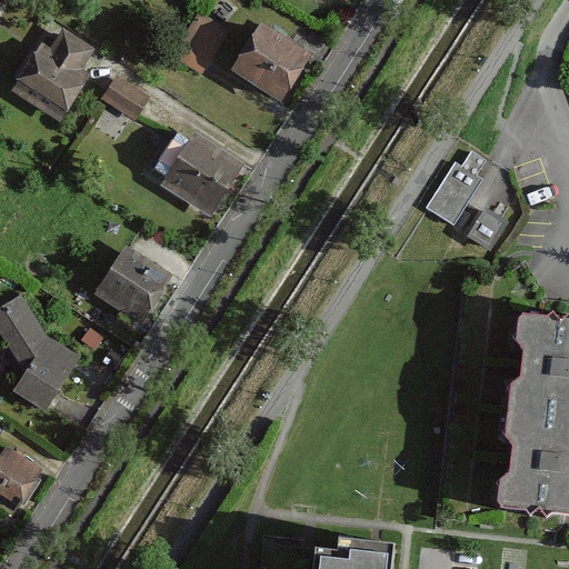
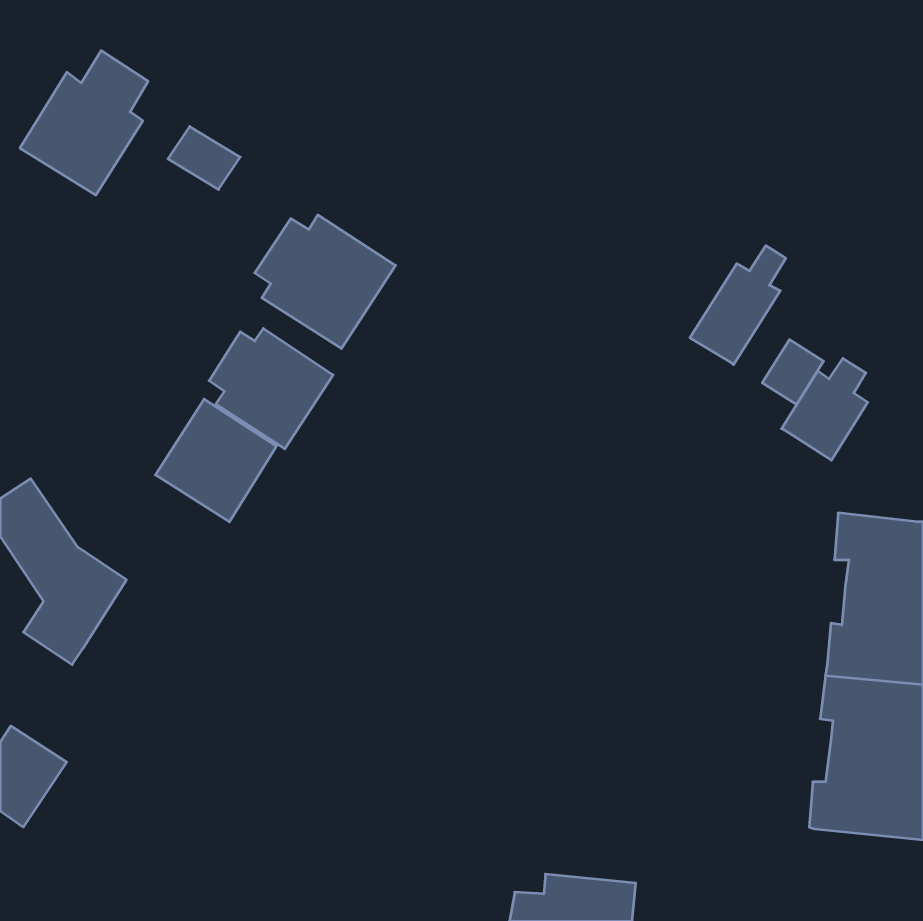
building: [170,12,226,72] -> none
building: [231,23,309,100] -> none
building: none -> [209,328,333,449]
building: none -> [781,358,868,460]

